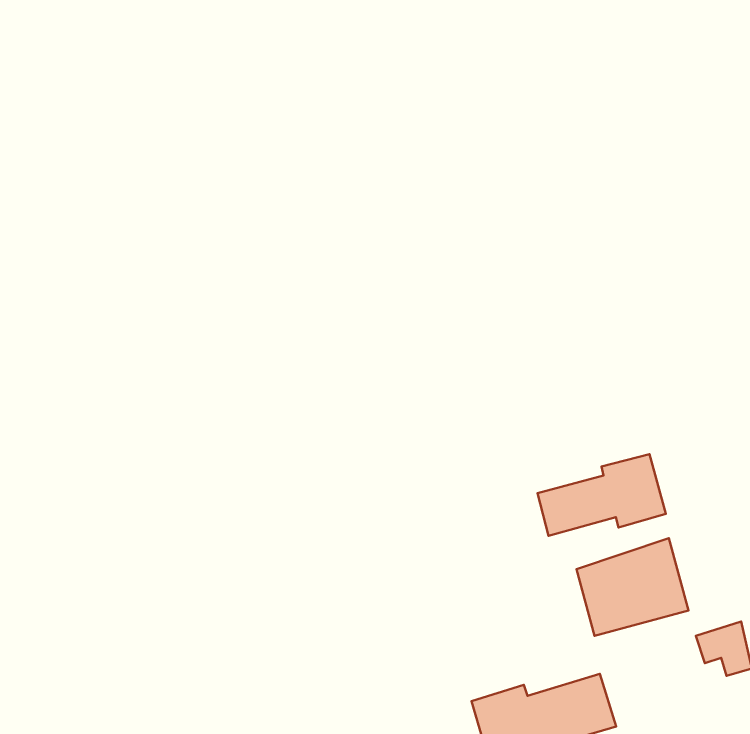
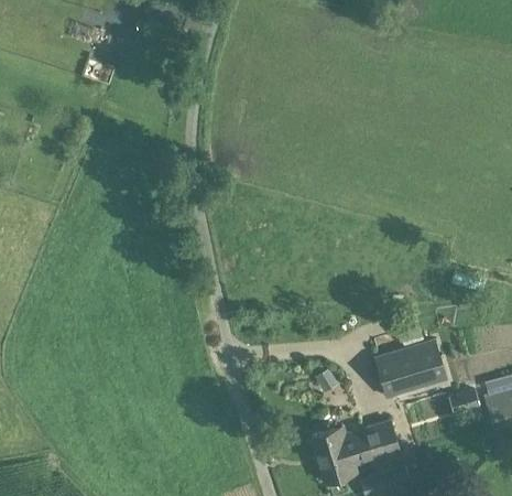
building: [537,454,666,536] -> none

